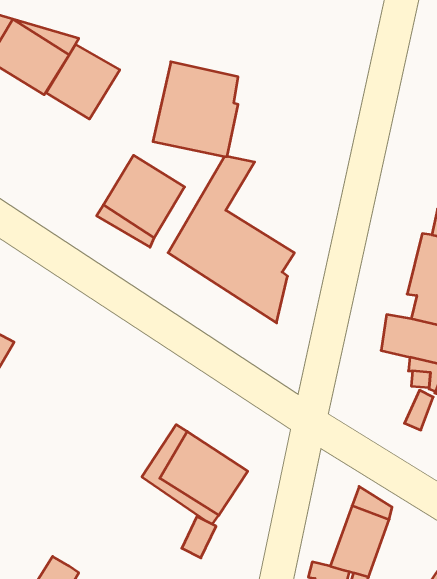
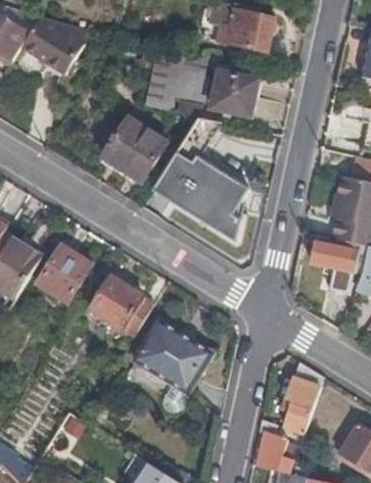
building: none -> [216,6,278,52]
building: [46,44,120,119] -> none
building: none -> [211,71,258,117]
building: none -> [36,243,92,303]
building: none -> [91,277,156,338]

